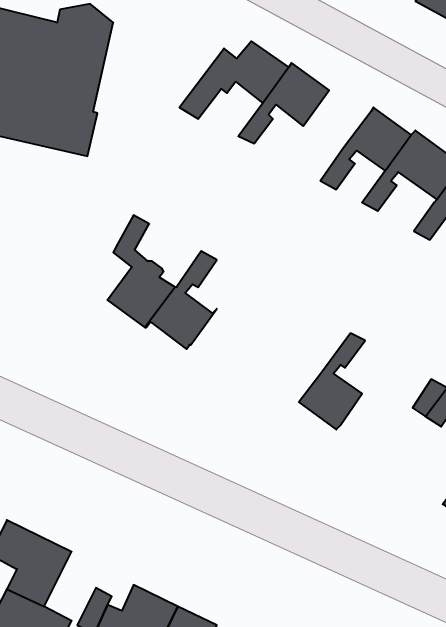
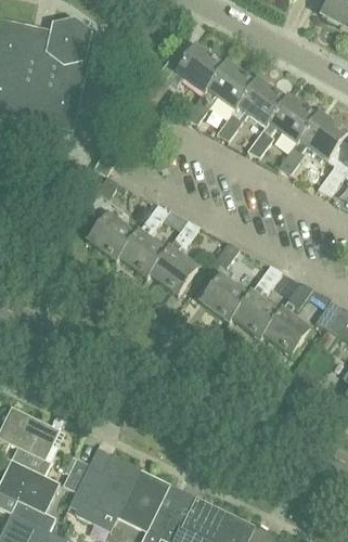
building: none -> [217,78,285,139]
building: none -> [150,220,201,294]
building: none -> [202,242,248,321]
building: none -> [262,281,313,354]

